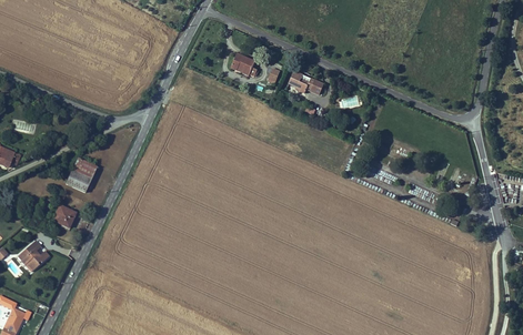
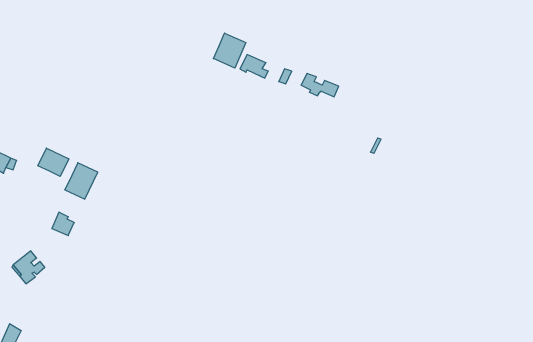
building: none -> [213,33,246,68]
building: none -> [38,148,69,176]

